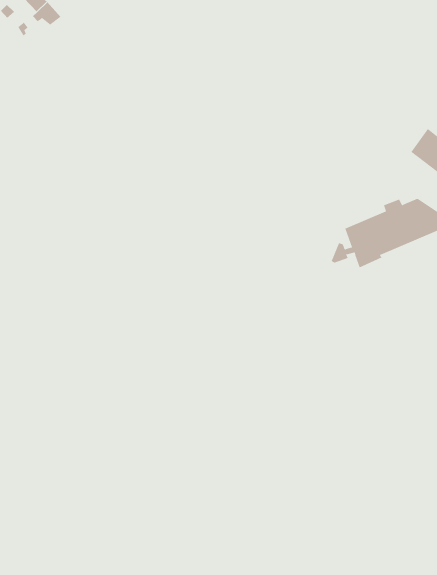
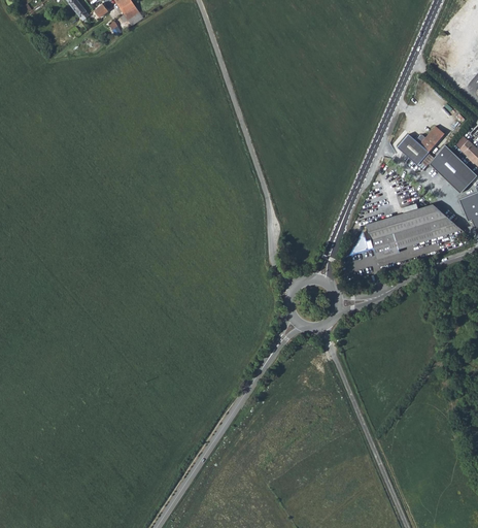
building: none -> [398,128,445,167]

